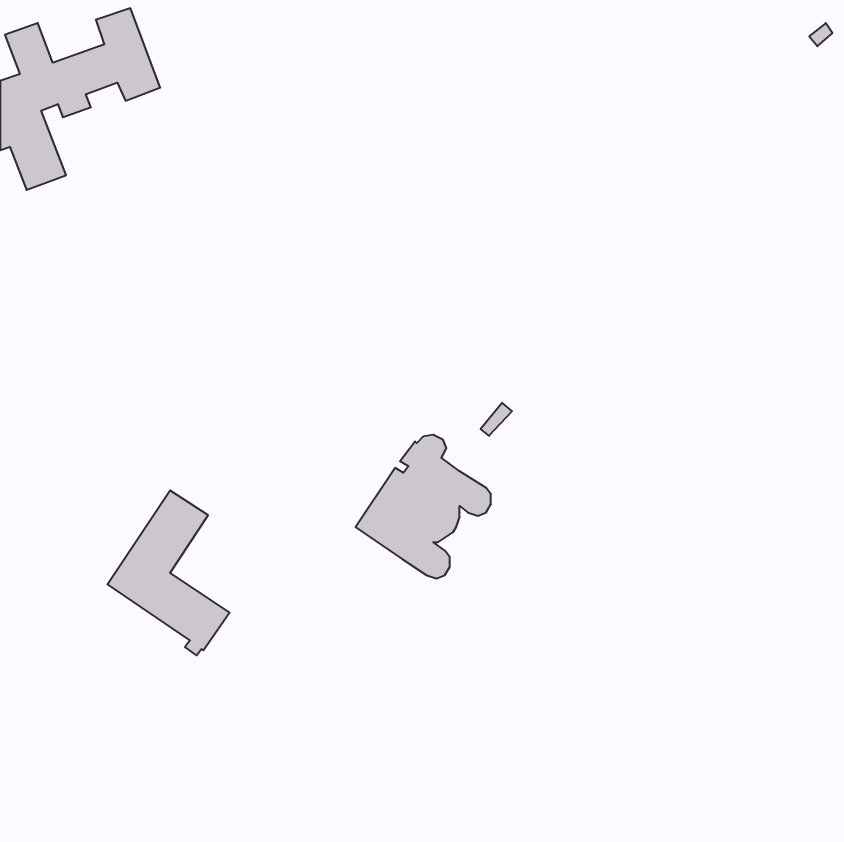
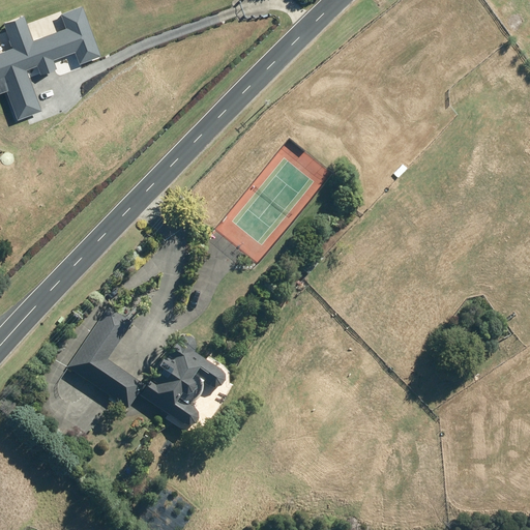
building: [356,435,491,578] -> [140,337,225,428]

